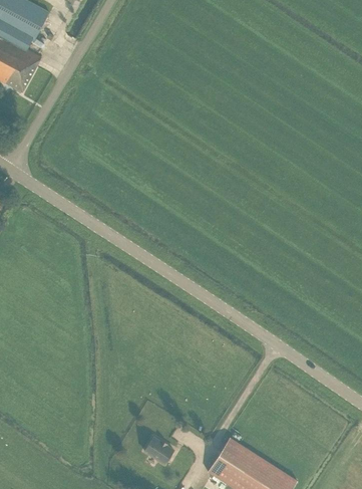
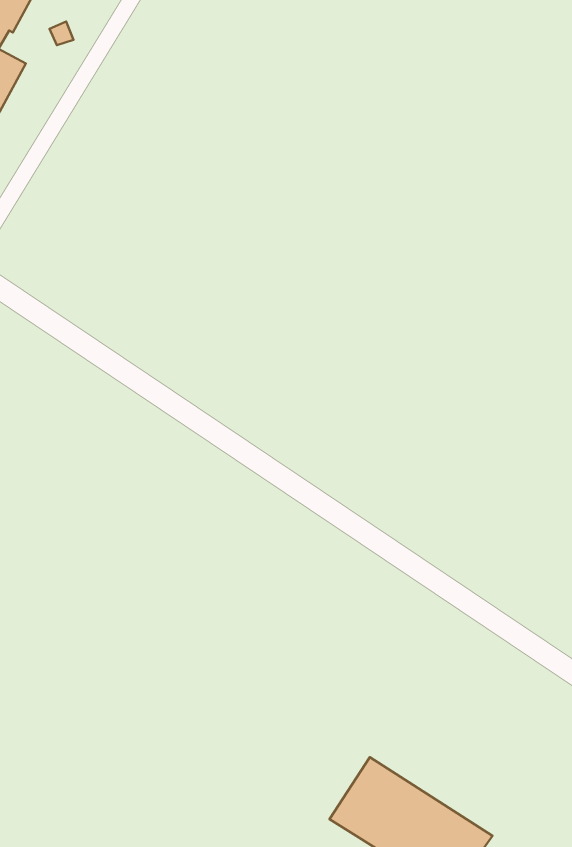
building: [143,436,171,462] -> none

